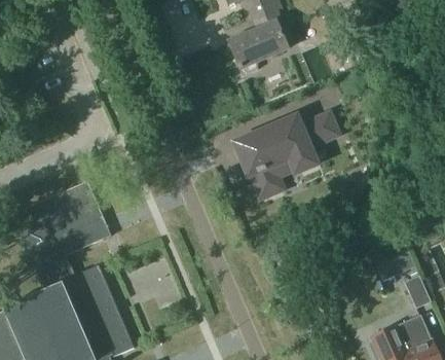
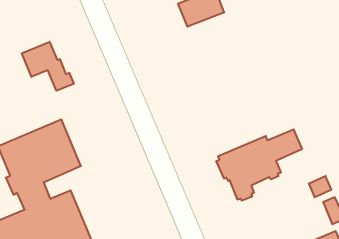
building: none -> [22,42,74,91]
building: [236,109,341,195] -> [216,129,302,200]

